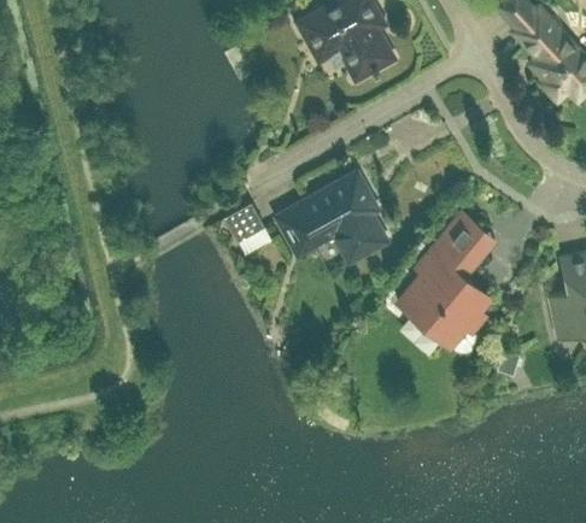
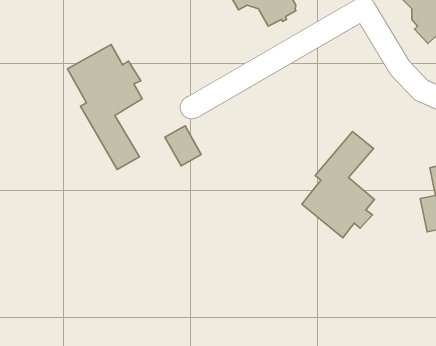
building: none -> [68,44,142,169]
building: [277,171,388,260] -> none

